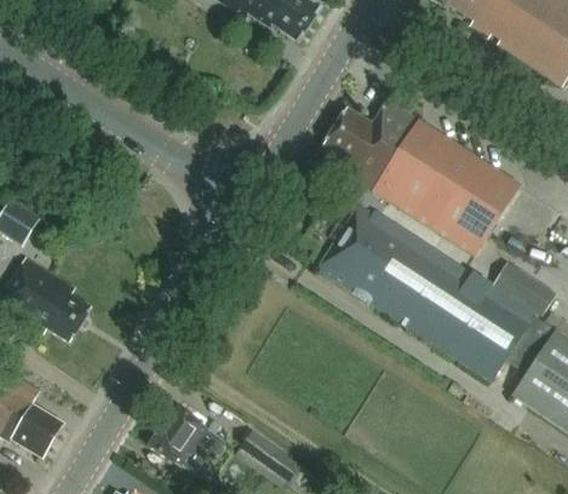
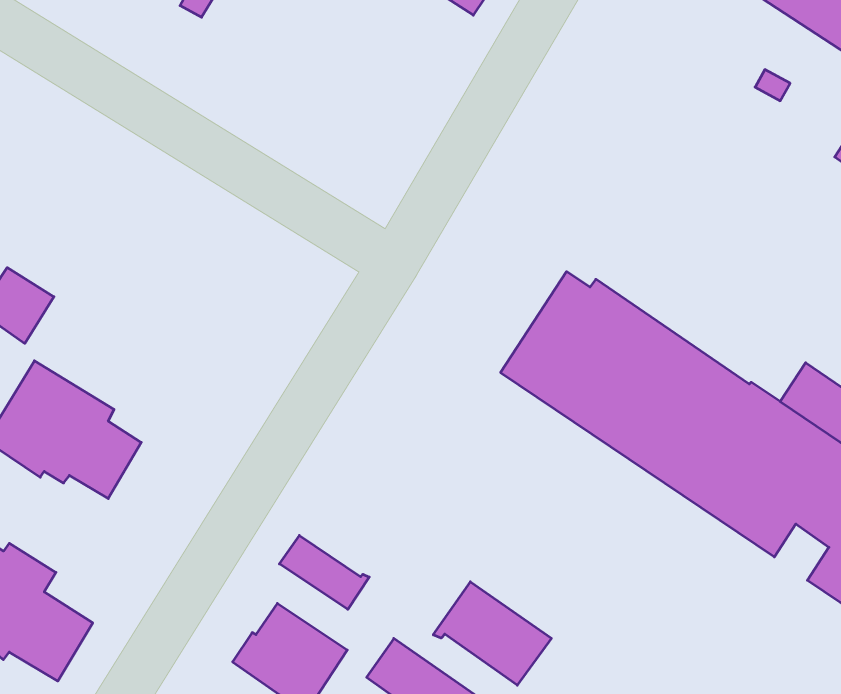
building: [325,99,521,255] -> none
building: none -> [279,535,369,609]
building: none -> [433,582,551,685]

